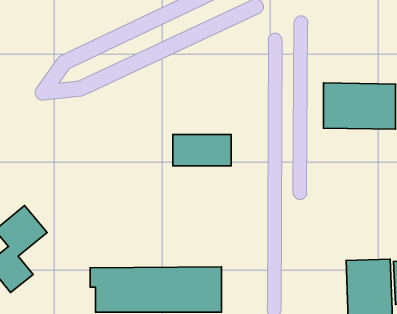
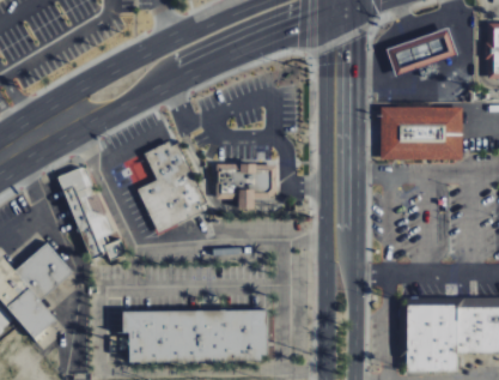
building: none -> [385,28,457,76]
building: none -> [138,138,209,231]
building: none -> [57,165,121,260]

